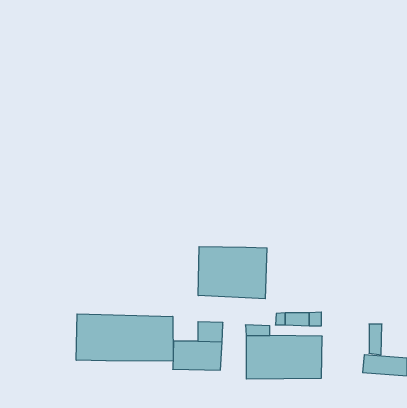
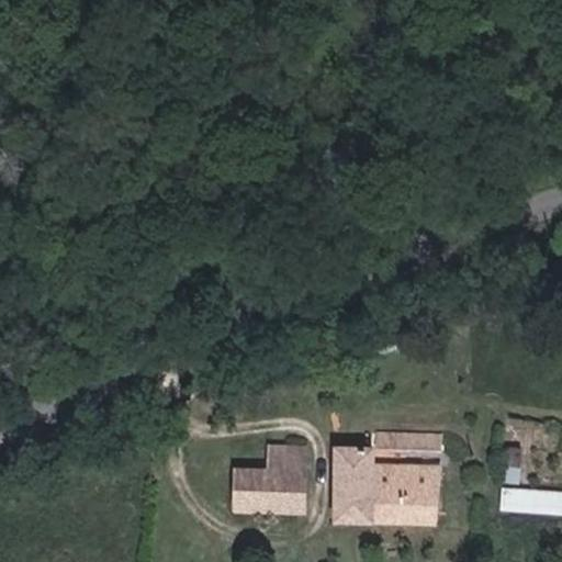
building: [198,247,267,299] -> none
building: [76,314,173,361] -> none

